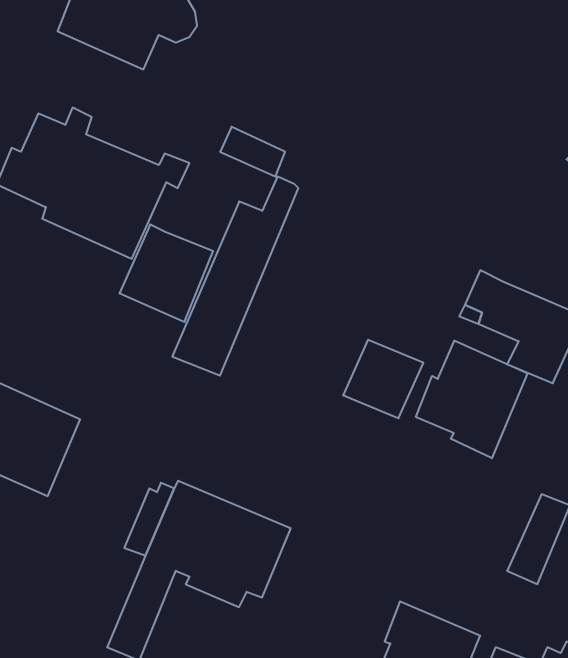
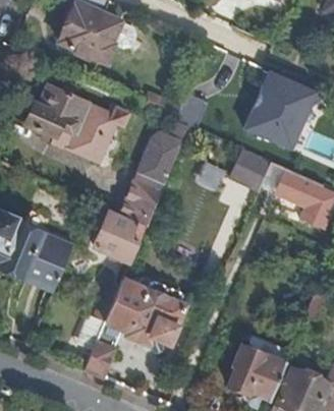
building: none -> [242,62,324,152]
building: [119,224,213,322] -> [96,211,146,262]
building: [343,340,423,418] -> [227,146,270,188]
building: [416,341,528,458] -> none

